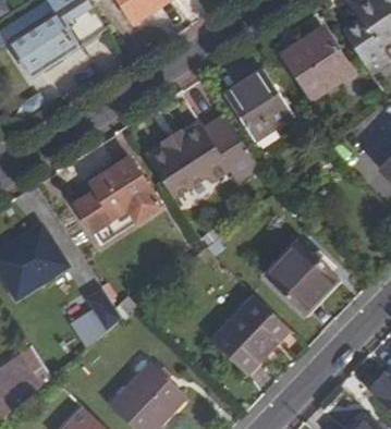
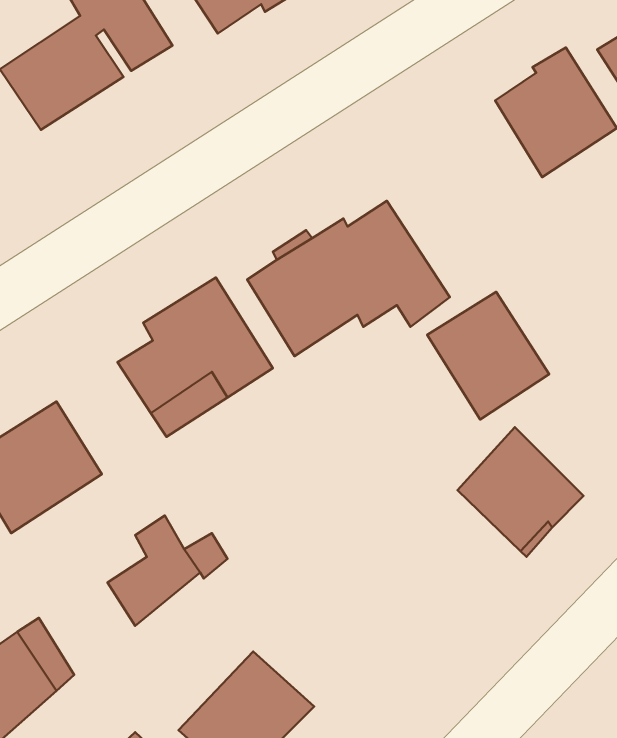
building: [224,69,292,139] -> [427,292,549,420]
building: [208,294,286,370] -> none

